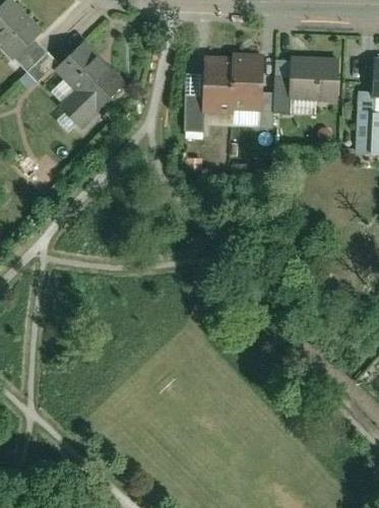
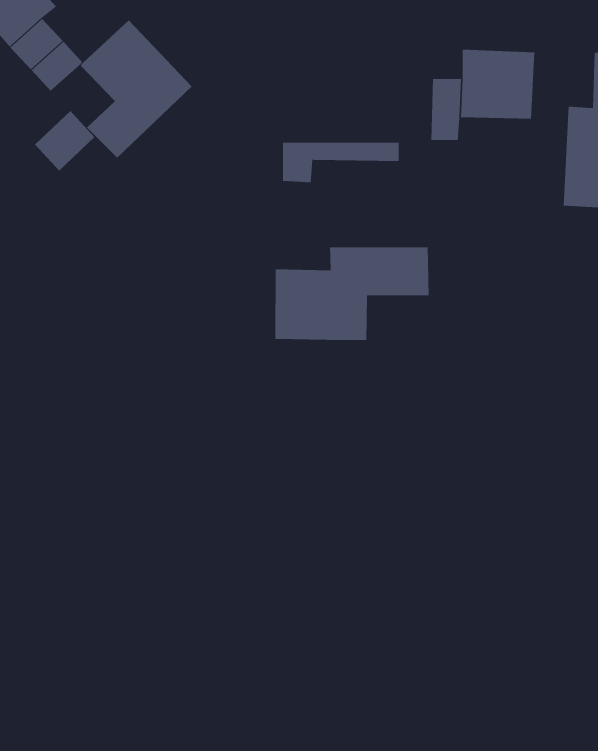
building: [202,52,264,113] -> none
building: none -> [34,110,95,171]
building: none -> [275,247,429,341]

